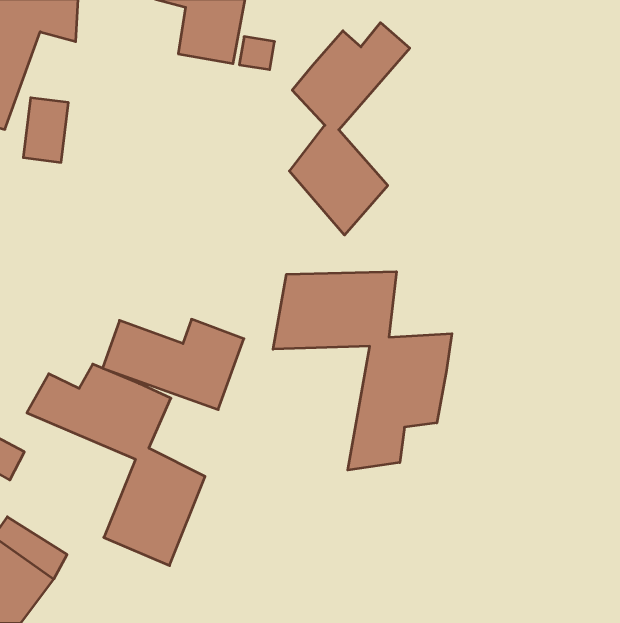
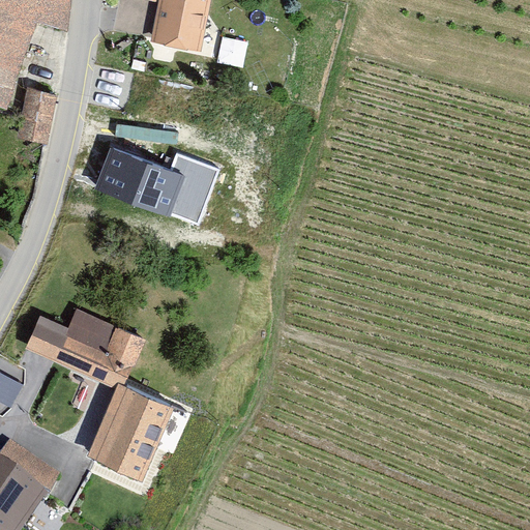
building: [289,23,410,235] -> none
building: [273,272,452,470] -> none
building: [102,319,244,410] -> [99,151,219,228]

